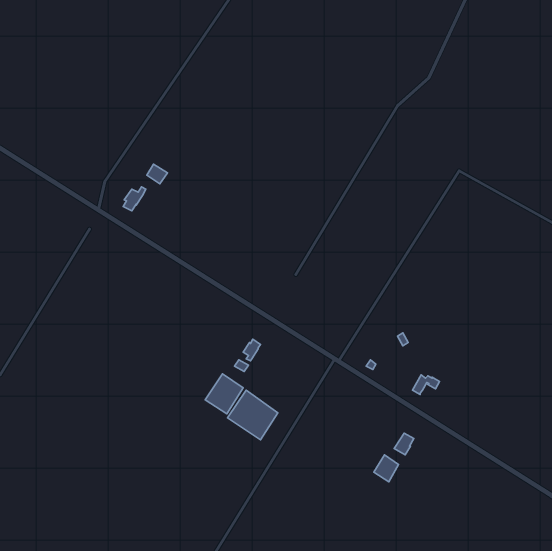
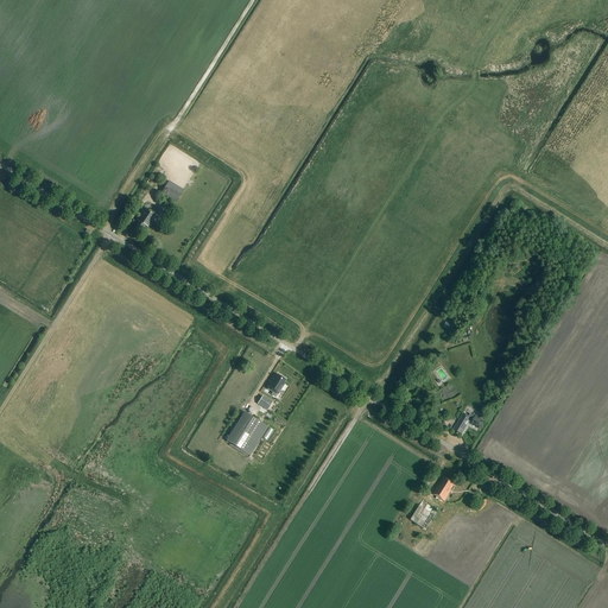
building: [227,390,278,440] -> none

